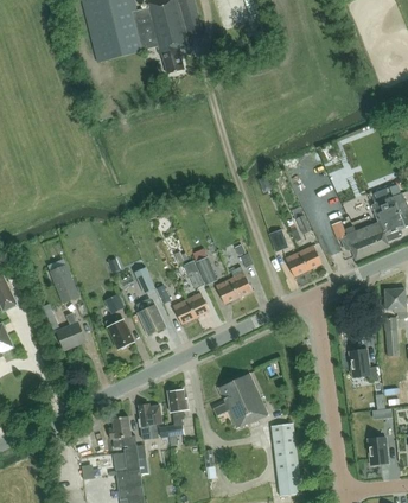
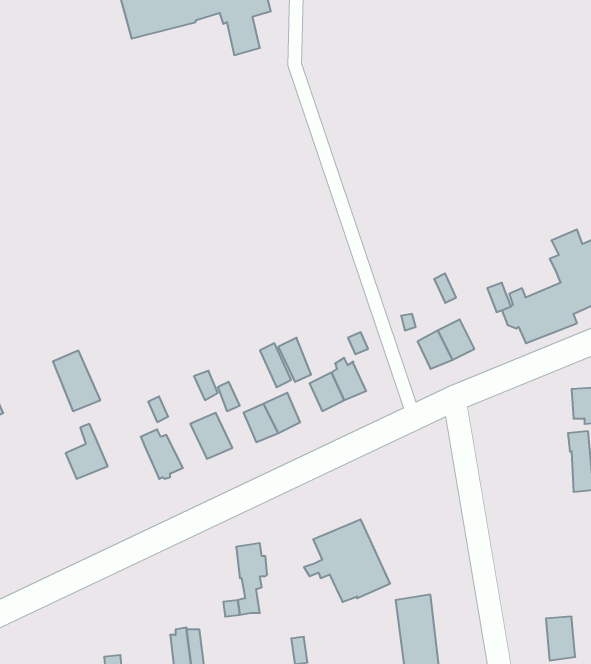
building: [349,349,377,381] -> none
building: [138,403,161,439] -> none
building: [108,415,135,446] -> none

